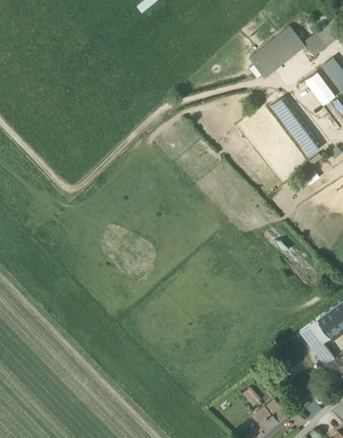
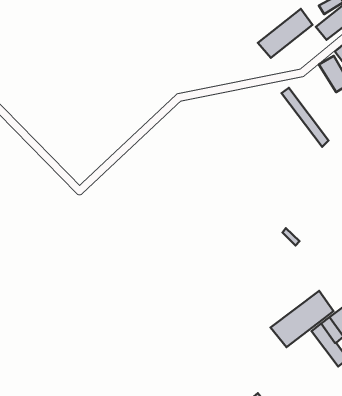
building: none -> [270,291,334,347]

